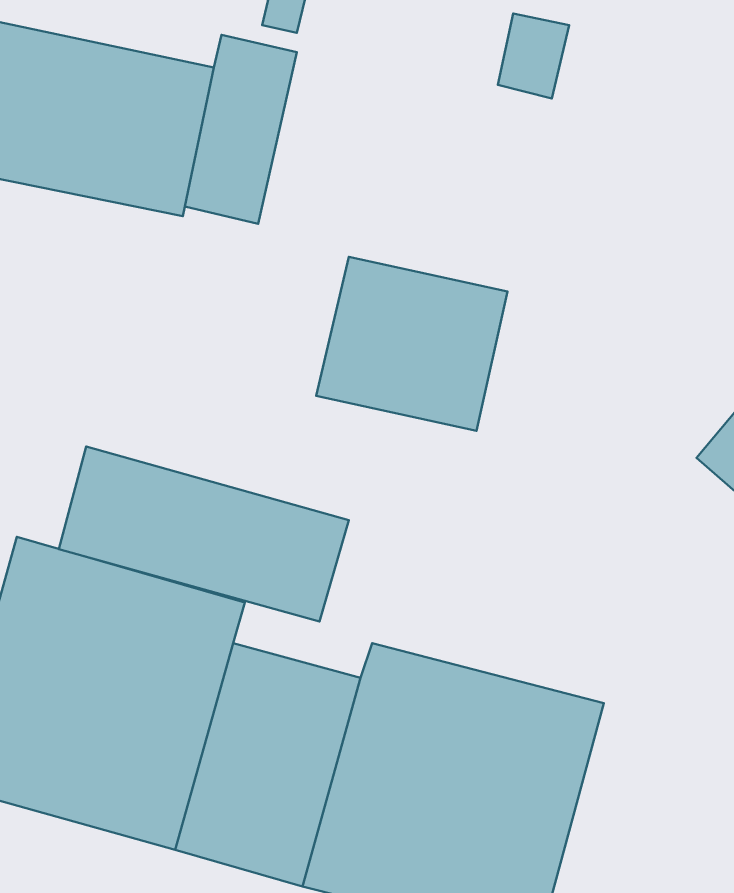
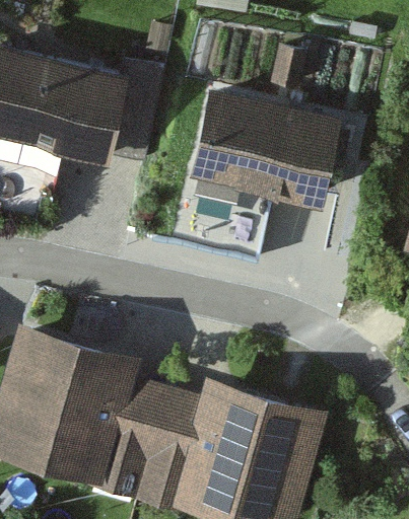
building: none -> [194,90,343,204]
building: [59,447,349,622] -> none

